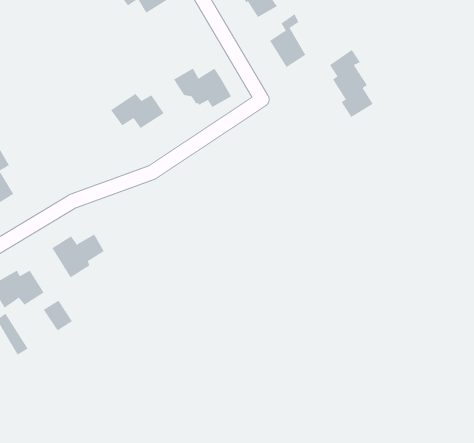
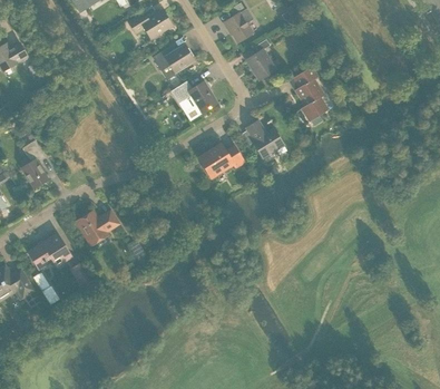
building: [110,93,165,129] -> [151,45,194,72]
building: none -> [246,121,286,157]
building: none -> [198,144,244,178]

